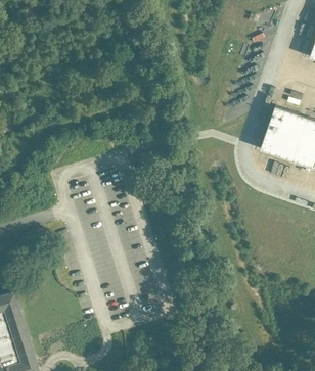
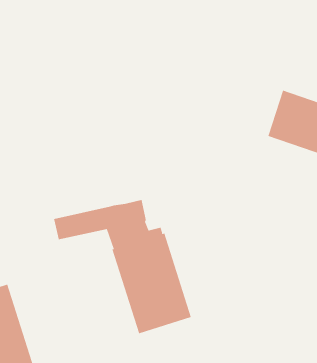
building: none -> [54,199,192,334]

